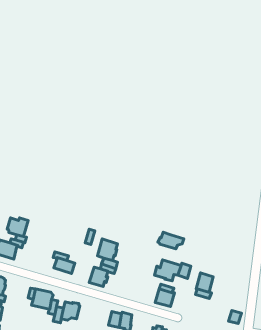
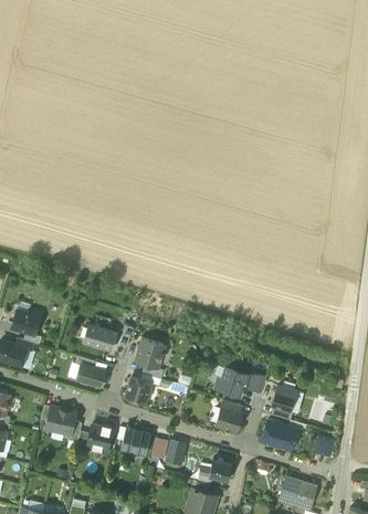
building: none -> [83,325,116,350]
building: [158,232,184,249] -> none
building: none -> [262,420,297,448]
building: none -> [120,429,149,455]

